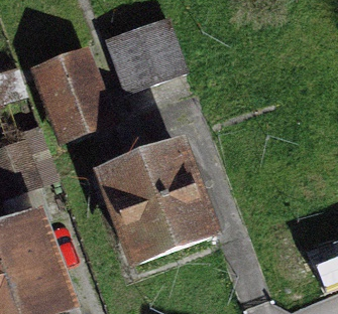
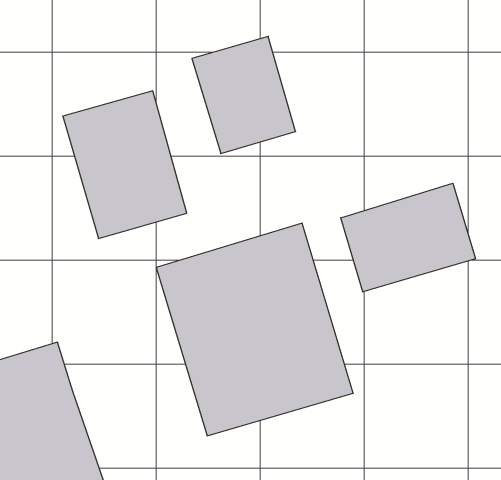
building: none -> [341,183,475,292]

